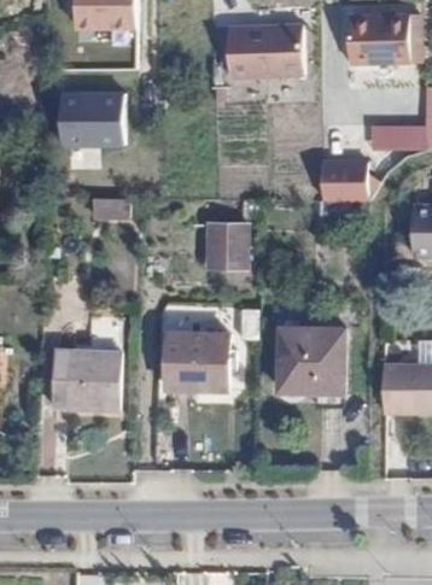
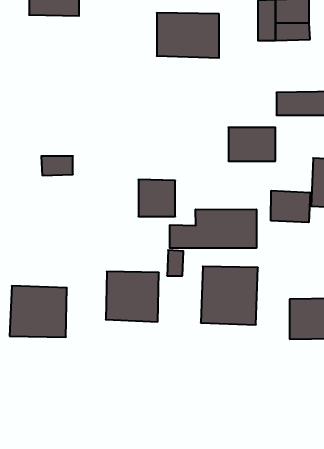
building: [59,89,125,147] -> none
building: none -> [271,191,310,222]
building: none -> [170,209,256,248]

